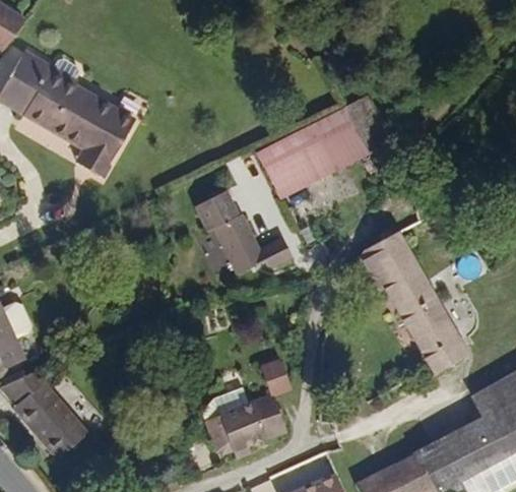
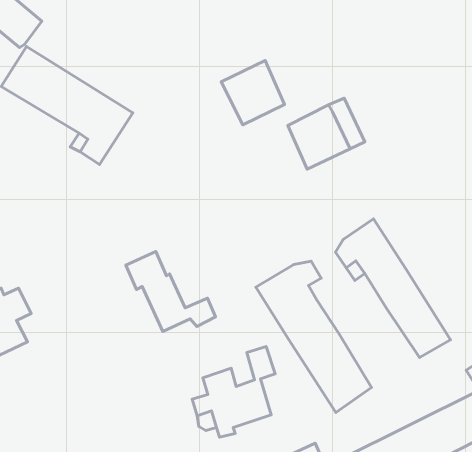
building: [256,132,322,199] -> [221,61,285,125]
building: [193,191,286,274] -> [126,251,215,331]
building: none -> [256,261,372,413]
building: [6,366,86,457] -> none

